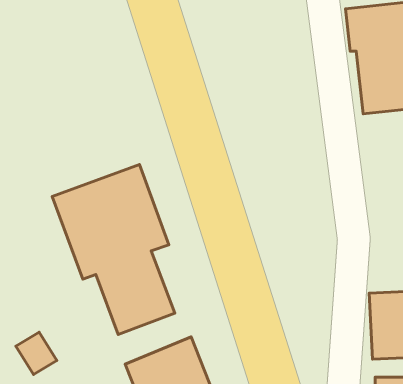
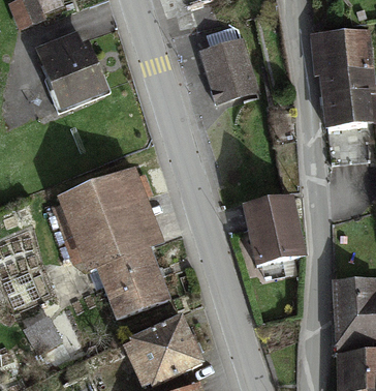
building: none -> [36,36,99,110]
building: none -> [201,37,255,98]
building: none -> [236,197,303,262]

